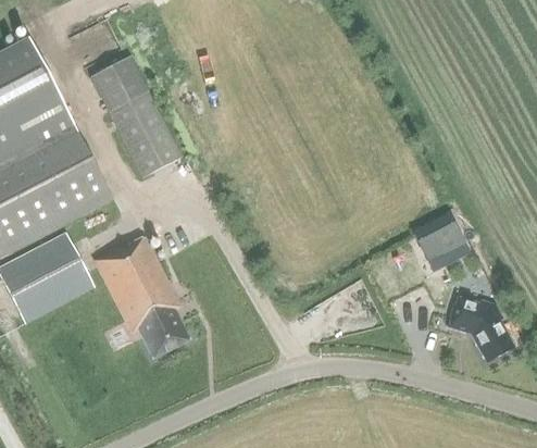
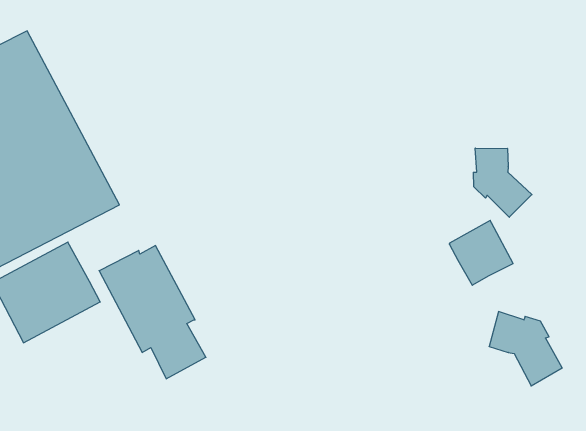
building: [88,57,180,177] -> none
building: none -> [473,148,532,217]

